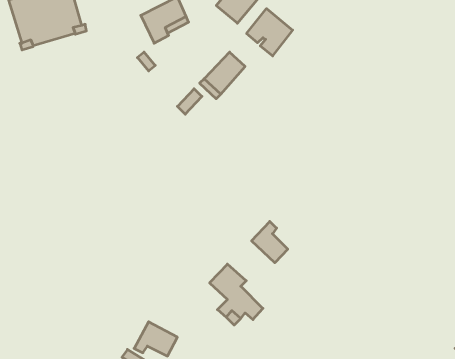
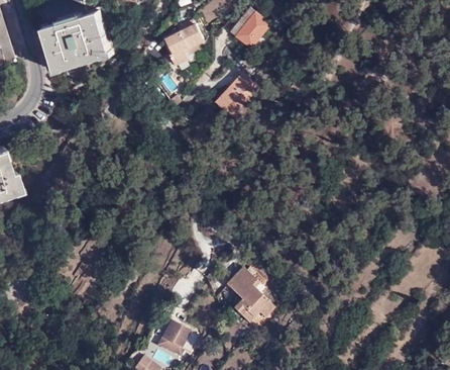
building: [247,9,293,56] -> none
building: [252,221,288,263] -> none

